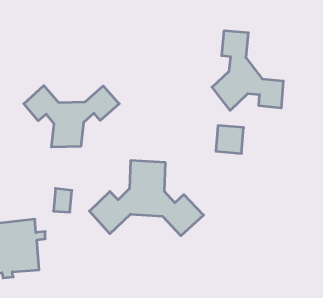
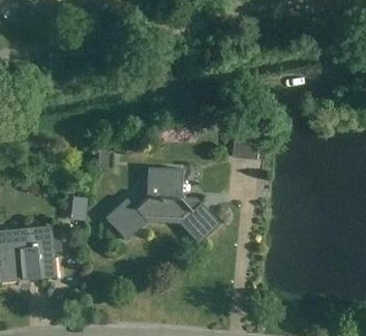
building: [212,31,283,110] -> none
building: [24,86,119,147] -> none

